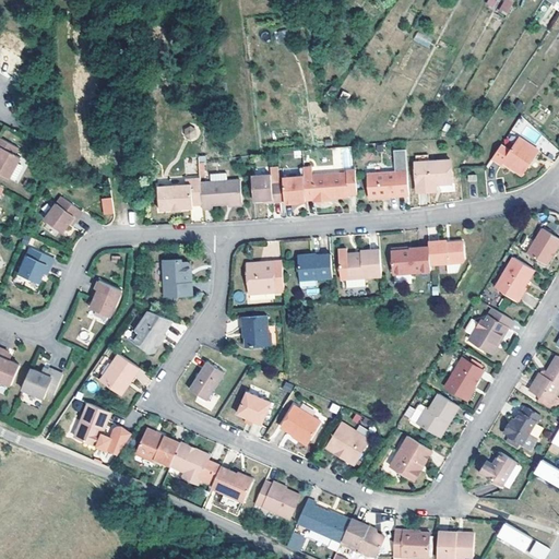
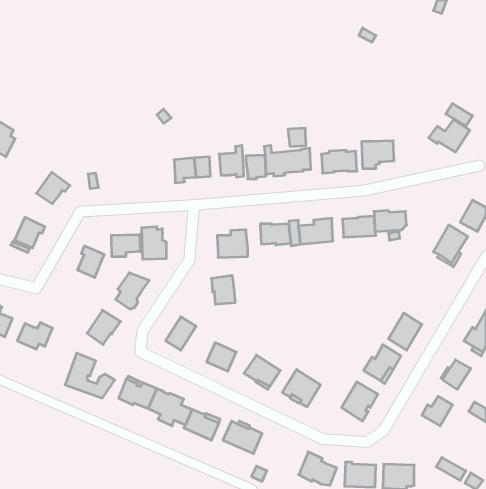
building: [155,177,200,211] -> none
building: none -> [111,234,140,257]
building: [468,308,512,354] -> none
building: [297,497,352,540] -> none

